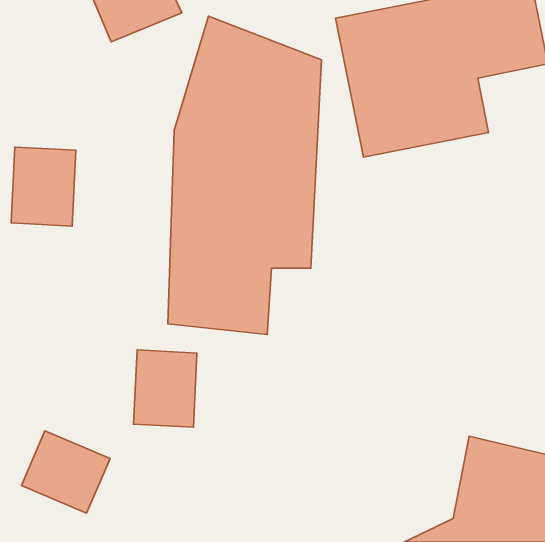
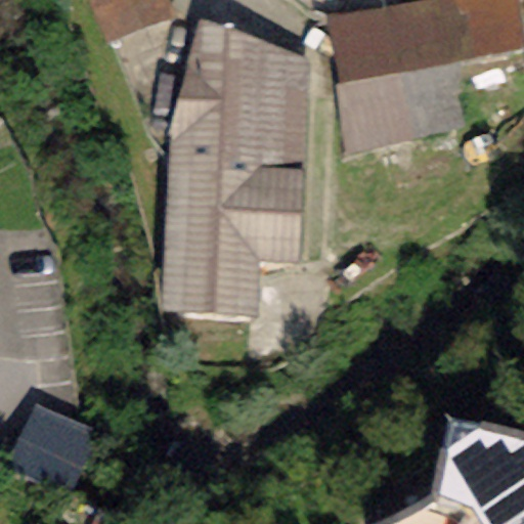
building: [11,147,76,226] -> none
building: [134,350,197,427] -> none

